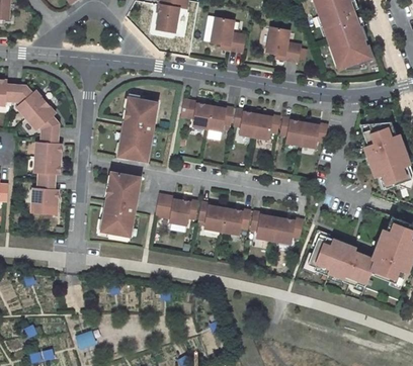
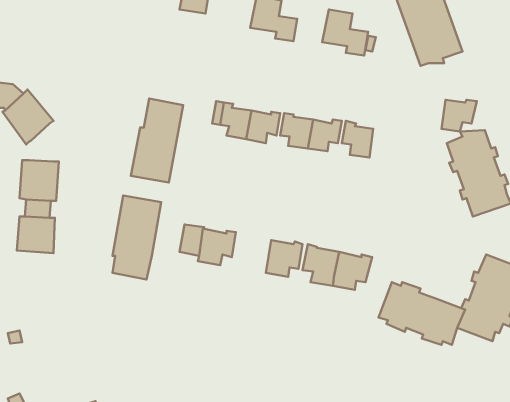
building: [38,116,59,146] -> none
building: [302,120,329,145] -> [441,100,477,131]
building: [197,201,226,232] -> none

